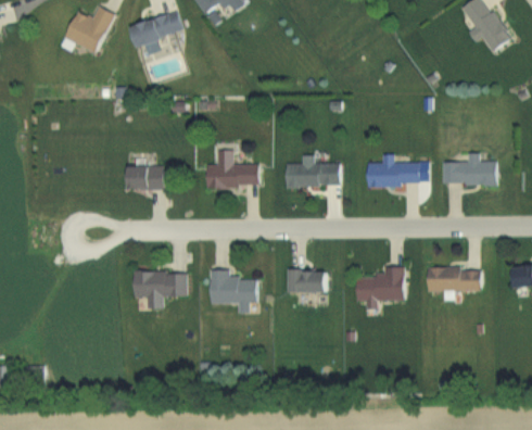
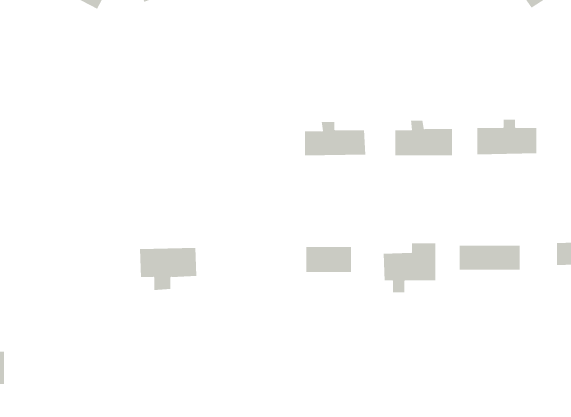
building: [204,149,257,187] -> none
building: [126,166,163,189] -> none
building: [207,269,256,313] -> none

